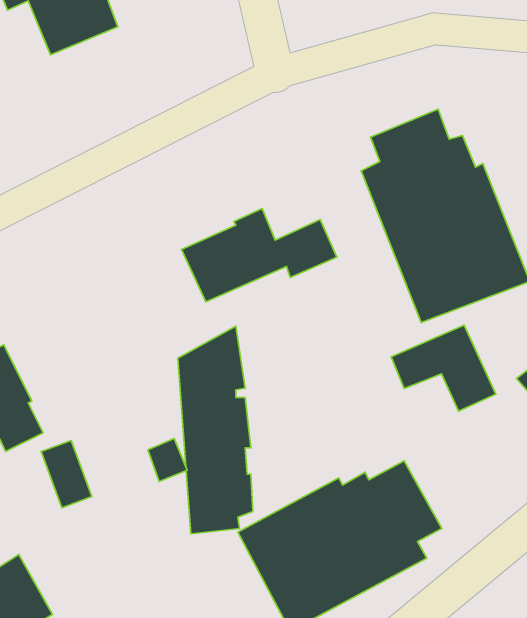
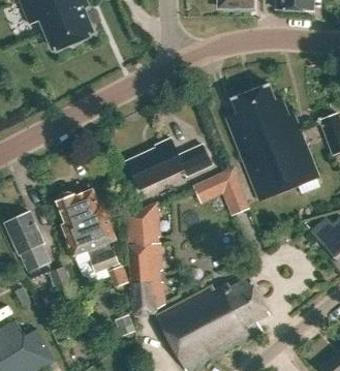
building: none -> [56,189,119,273]
building: [391,325,496,411] -> [194,167,252,215]

